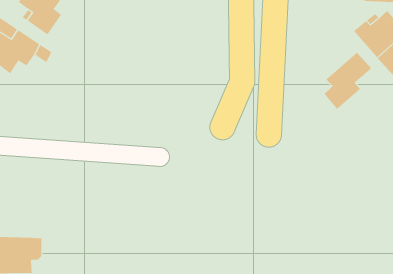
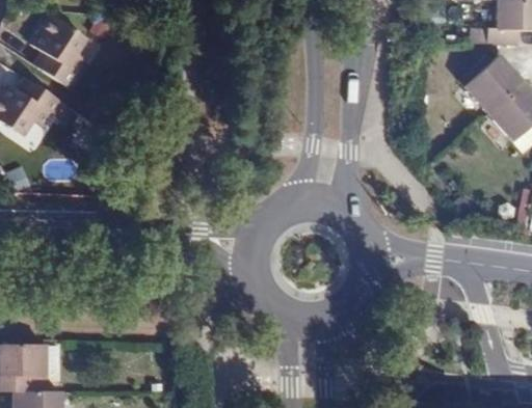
building: [324,52,372,110] -> none

